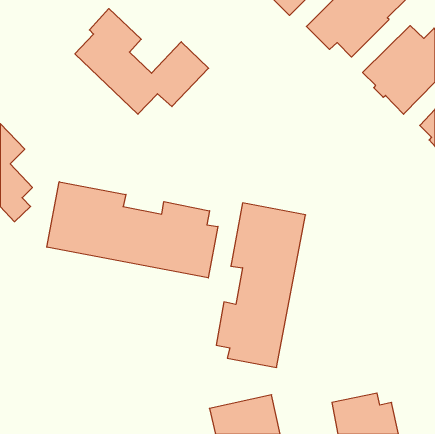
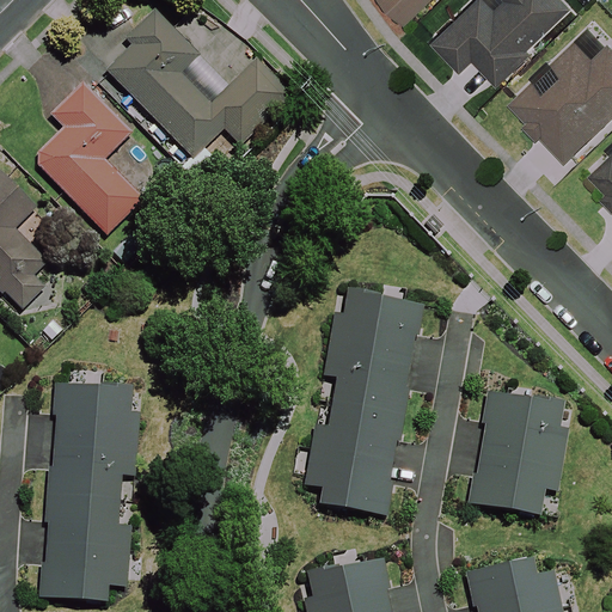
building: none -> [32,84,143,235]
building: [47,182,218,278] -> none
building: none -> [41,386,141,595]
building: none -> [464,391,571,518]

